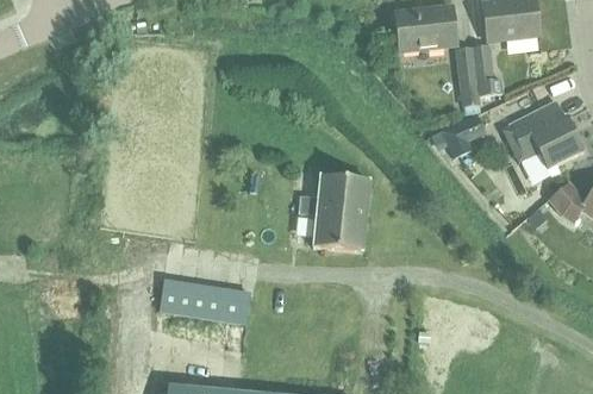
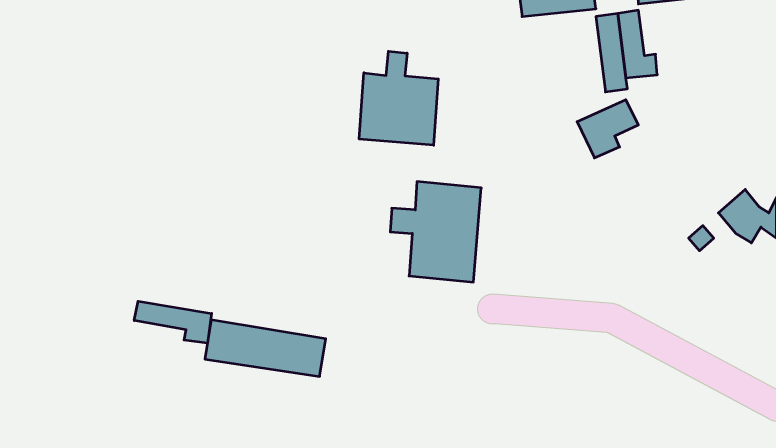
building: none -> [359,51,438,145]
building: [508,100,583,169] -> none
building: none -> [134,301,212,343]

